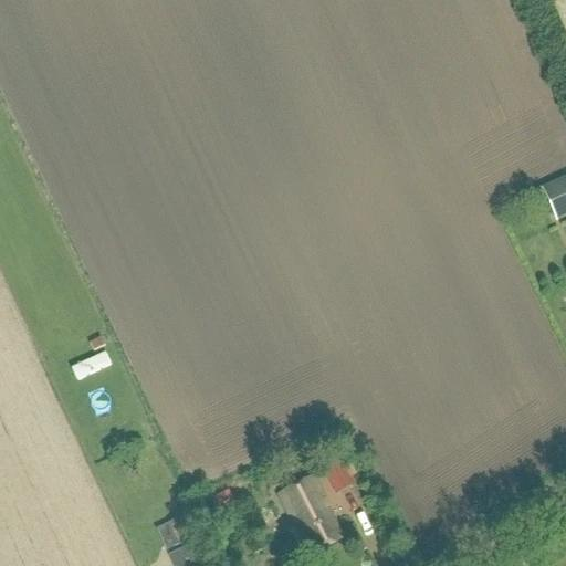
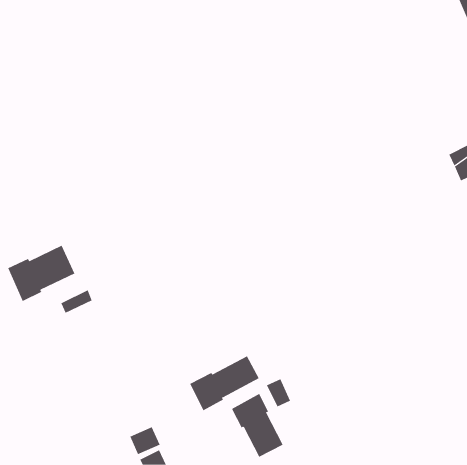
building: none -> [8,245,75,302]
building: none -> [189,355,259,411]

